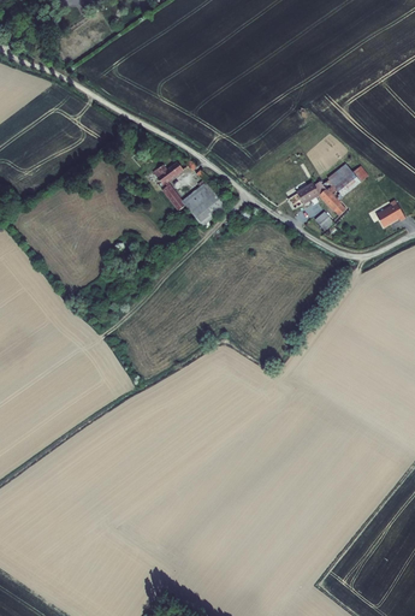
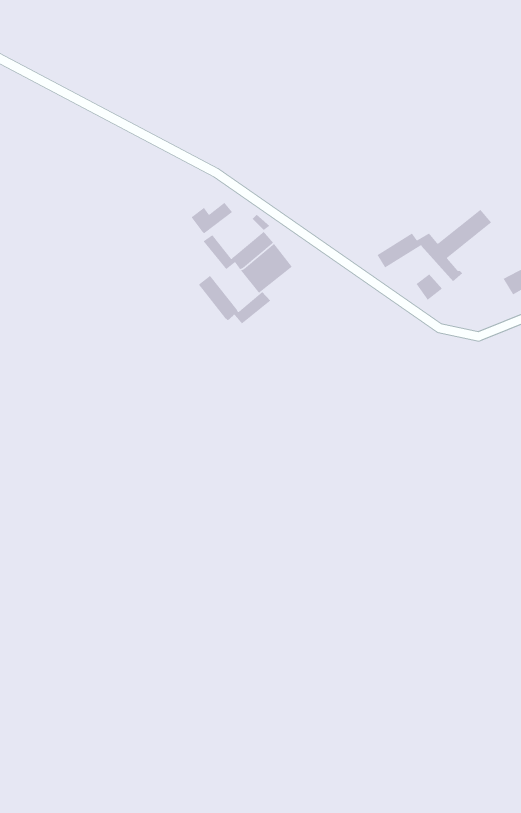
building: none -> [198,275,271,325]

